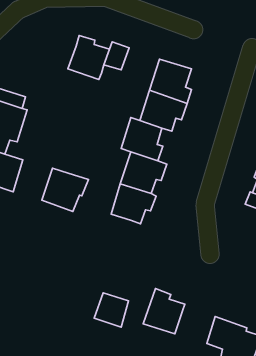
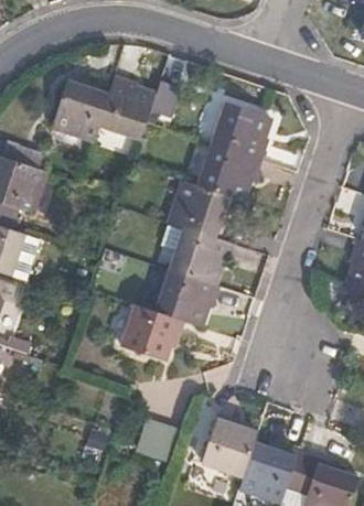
building: none -> [53,78,110,133]
building: [42,168,88,212] -> [122,305,185,364]
building: none -> [240,442,298,497]

